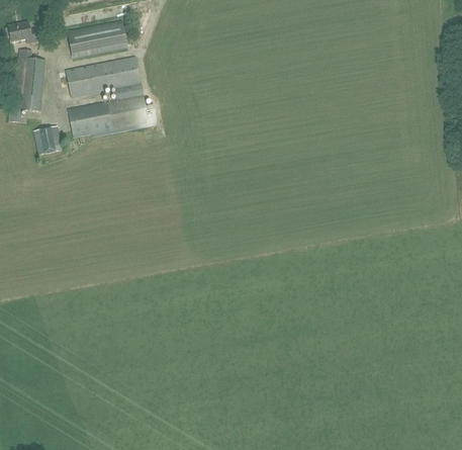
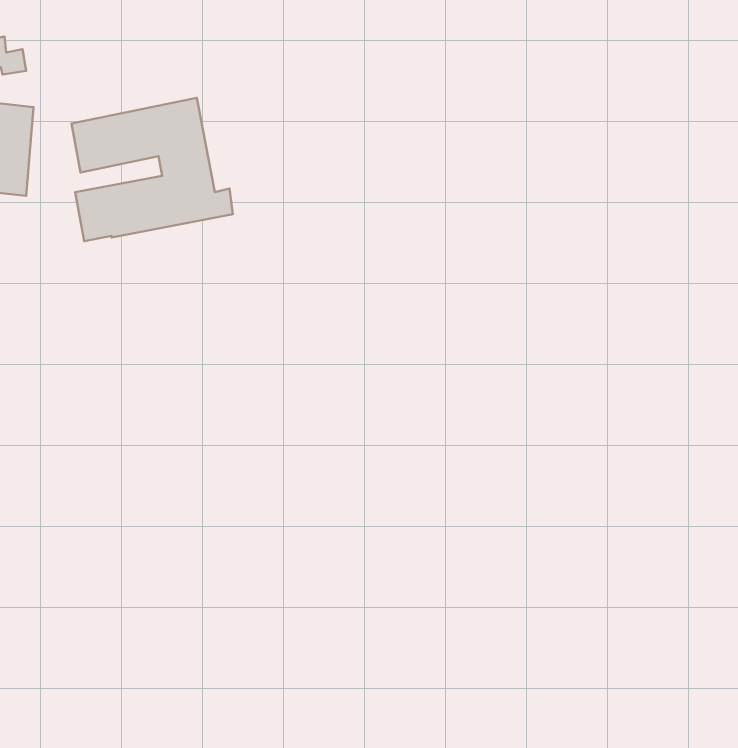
building: [68,20,127,57] -> none
building: [33,125,62,154] -> none

